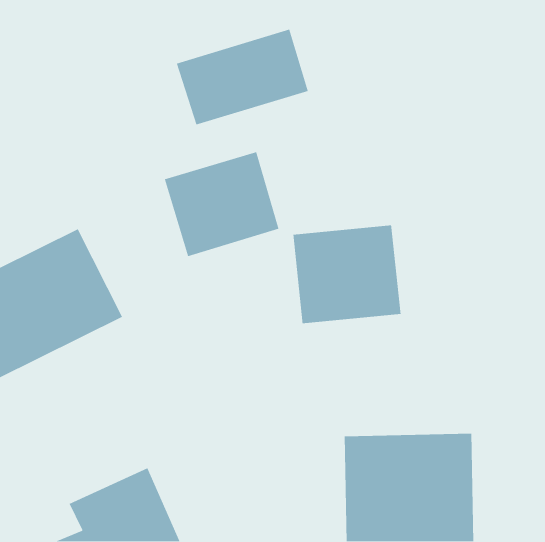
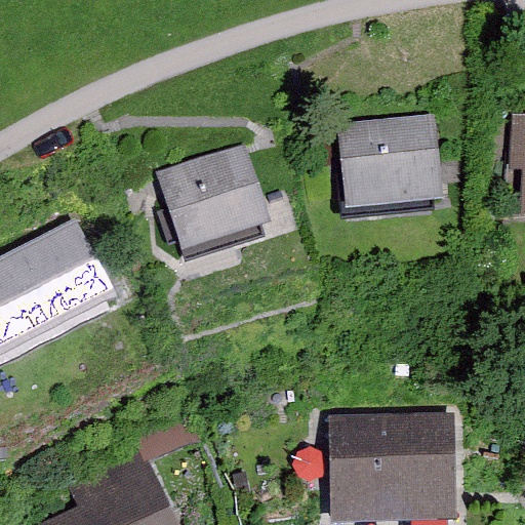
building: [176,29,309,125] -> none
building: [292,224,402,324] -> [338,115,443,210]

